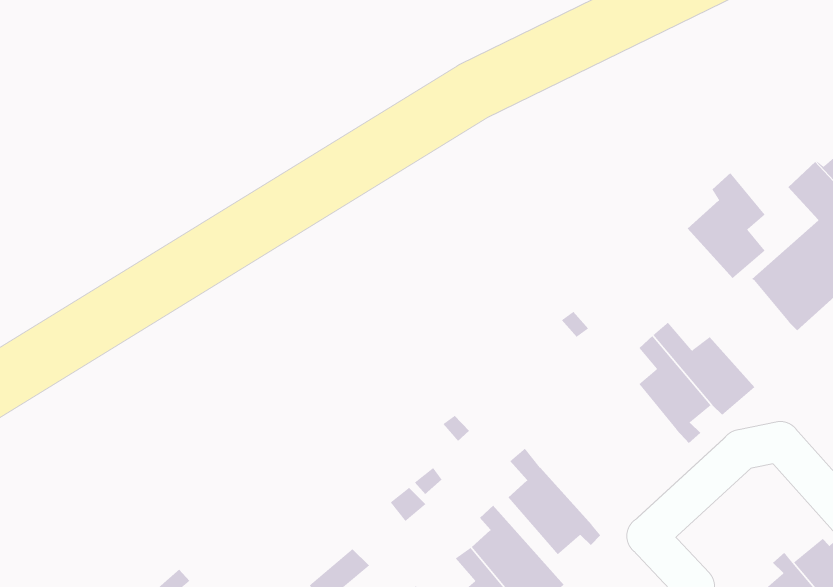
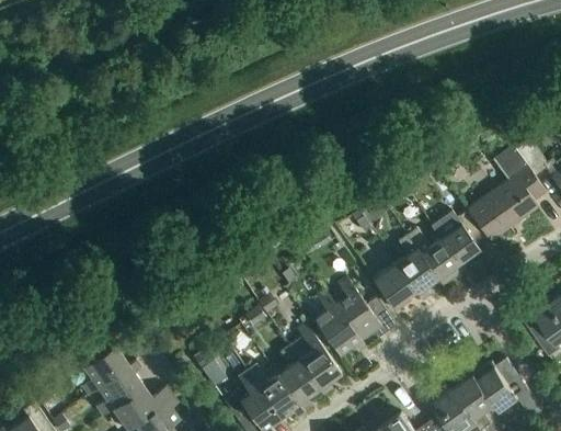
building: [687,172,766,279] -> [439,208,485,270]
building: none -> [373,261,414,309]
building: none -> [334,276,396,339]

